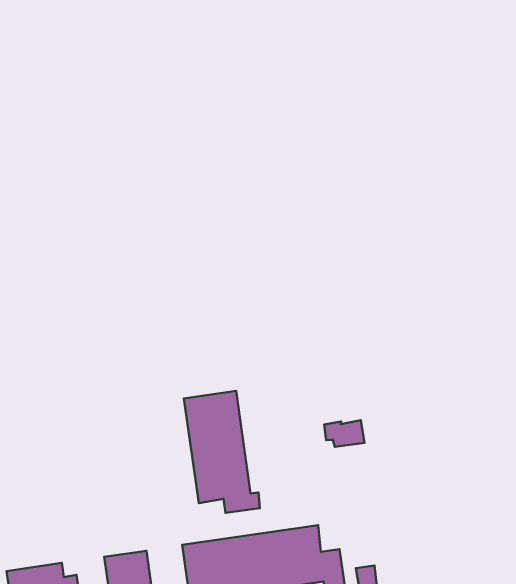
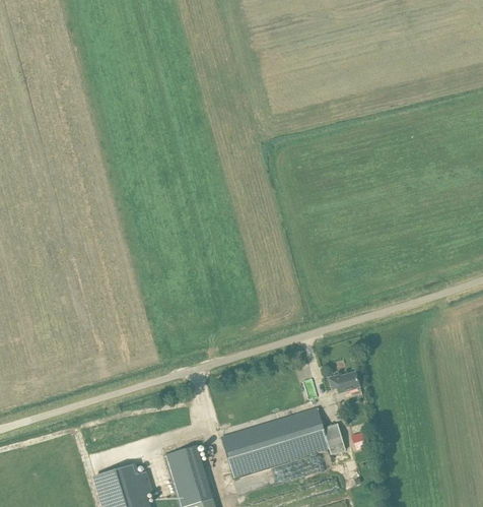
building: [184,391,260,513] -> none
building: [324,420,364,447] -> [329,372,360,394]

